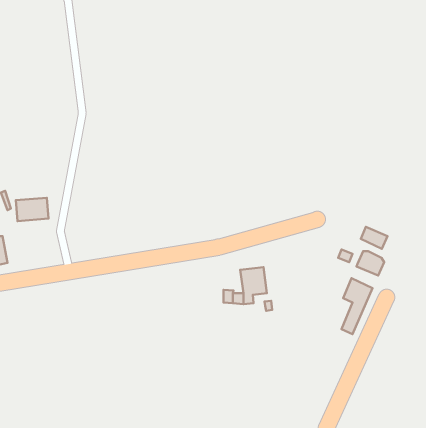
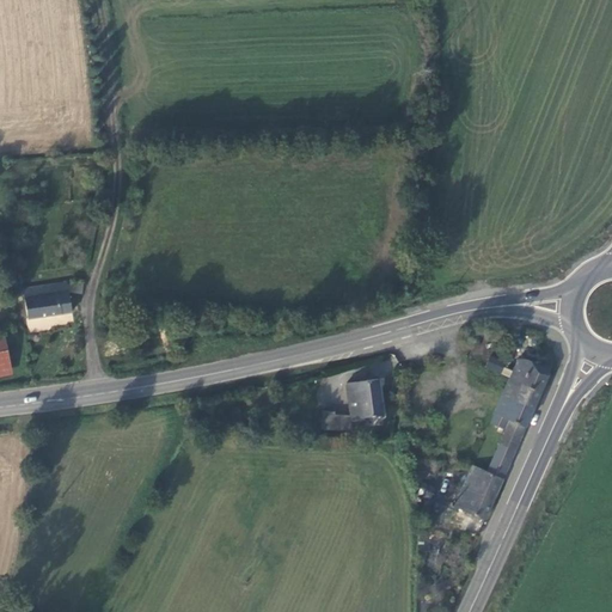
building: [361,227,388,249] -> [502,380,540,411]
building: none -> [455,463,503,516]

